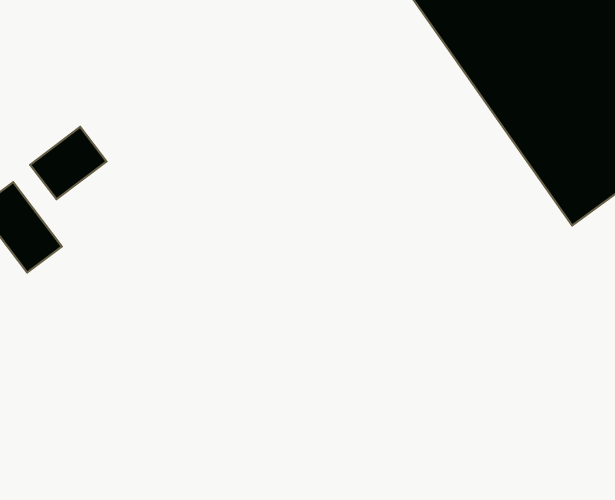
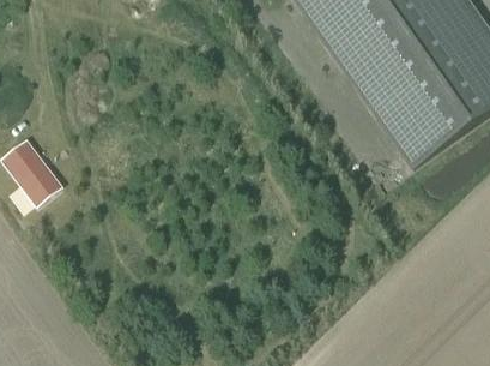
building: [30,127,106,199] -> none

